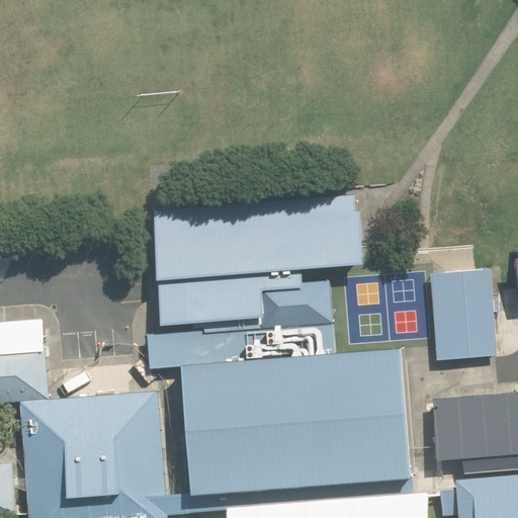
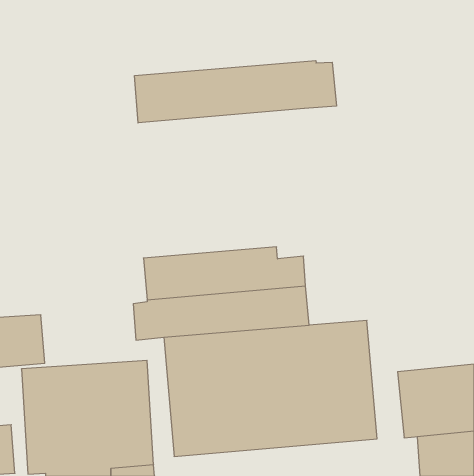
building: none -> [135,61,336,123]
building: [150,195,362,280] -> none
building: [429,269,496,360] -> none

